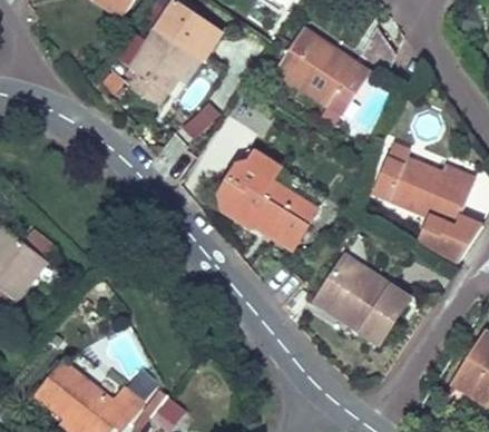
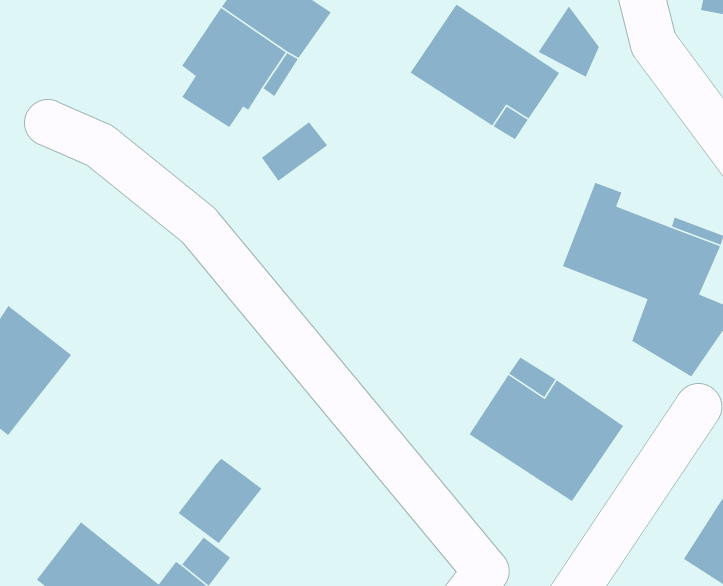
building: [214,147,320,253] -> none
building: none -> [178,458,263,544]

